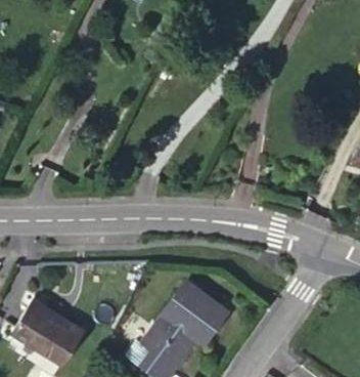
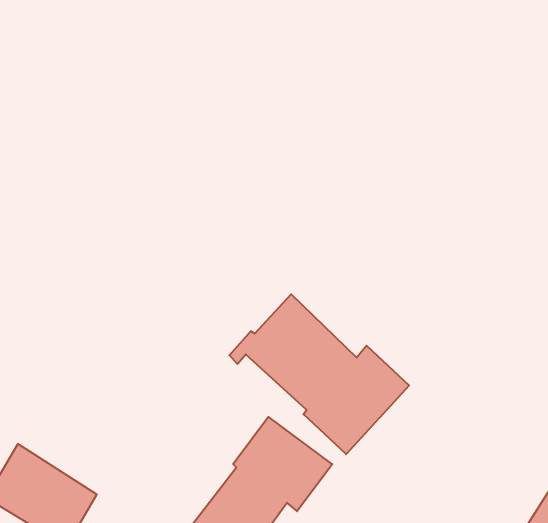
building: none -> [229,294,409,454]

